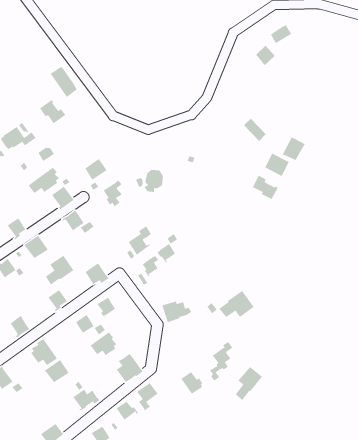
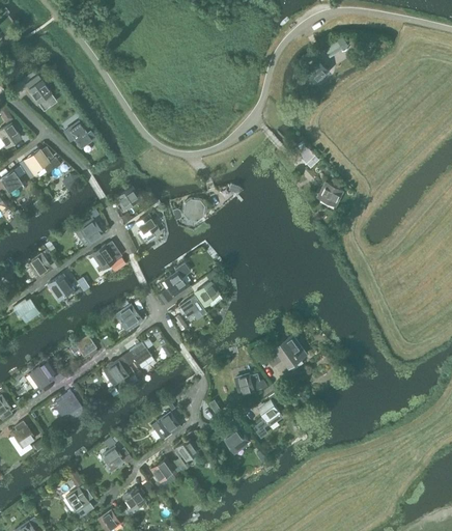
building: [50,66,78,98] -> [25,76,56,111]
building: [282,137,305,161] -> none
building: [28,167,60,194] -> none
building: [252,175,278,200] -> none
building: [45,255,74,285] -> none
building: [162,301,192,323] -> [233,372,267,397]
building: [90,331,117,356] -> none
building: [44,359,70,383] -> none
building: [235,366,263,401] -> none

